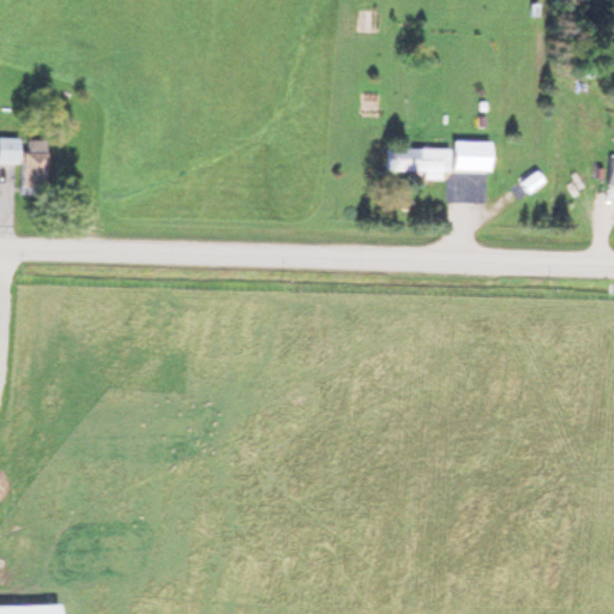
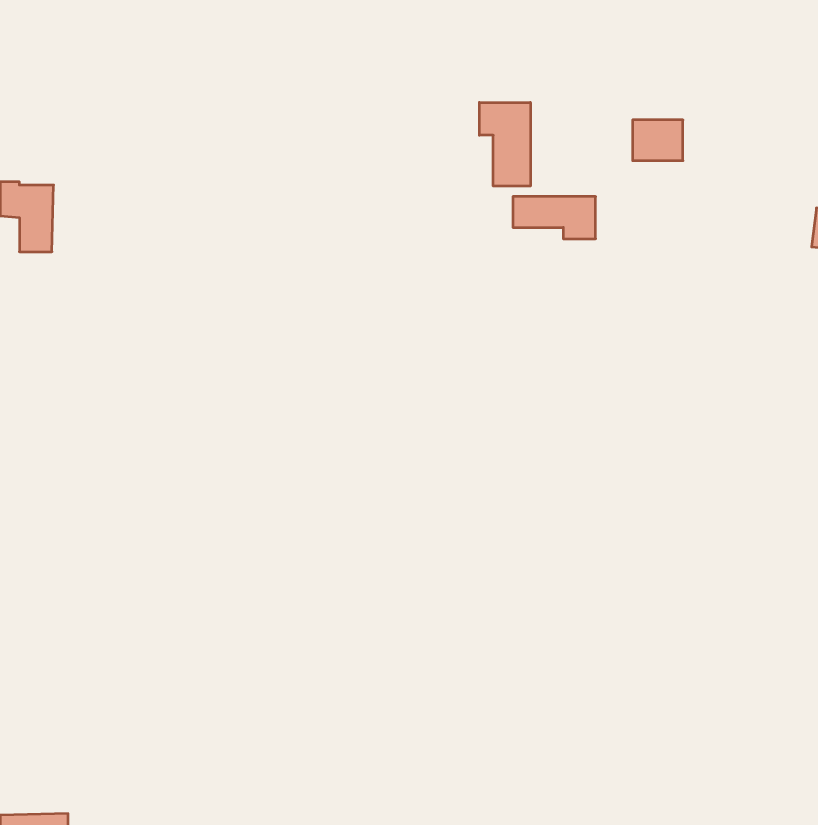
building: none -> [479,102,530,186]
building: [453,142,490,171] -> [633,120,683,161]

